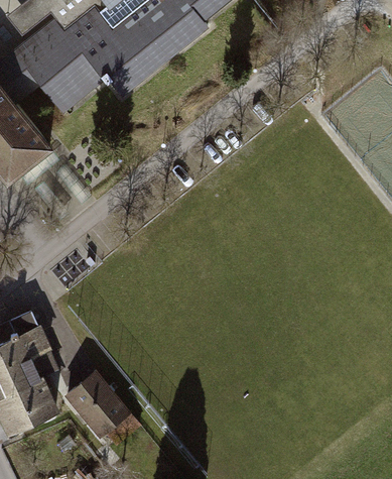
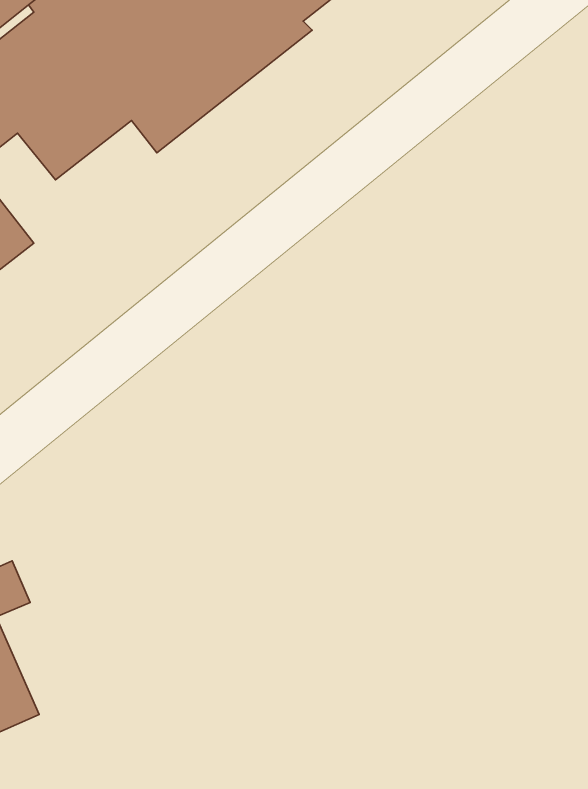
building: [64,371,132,442] -> none

